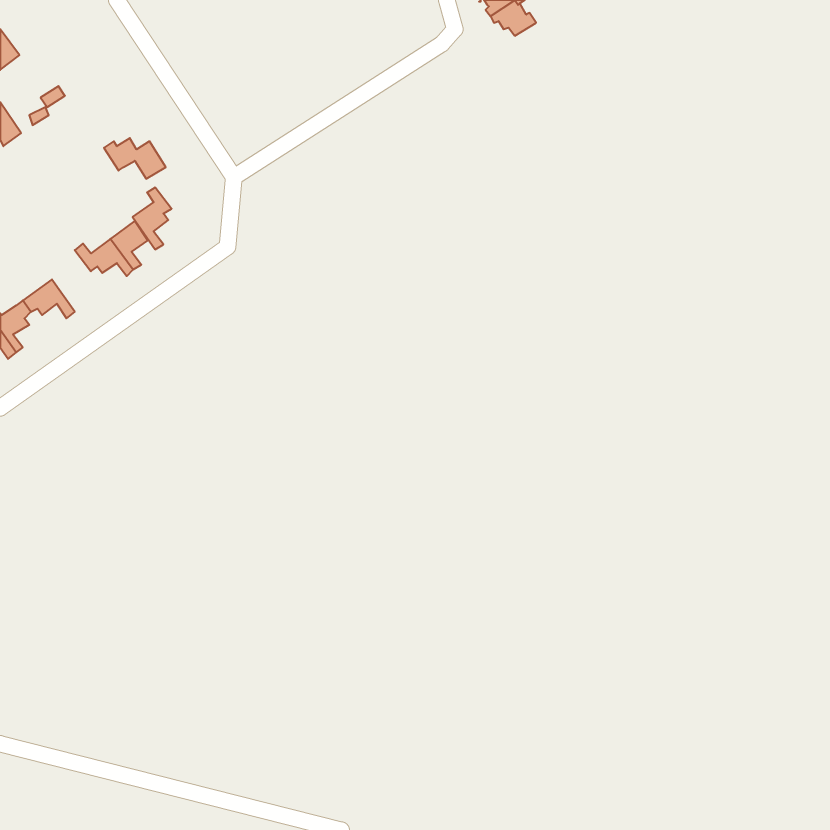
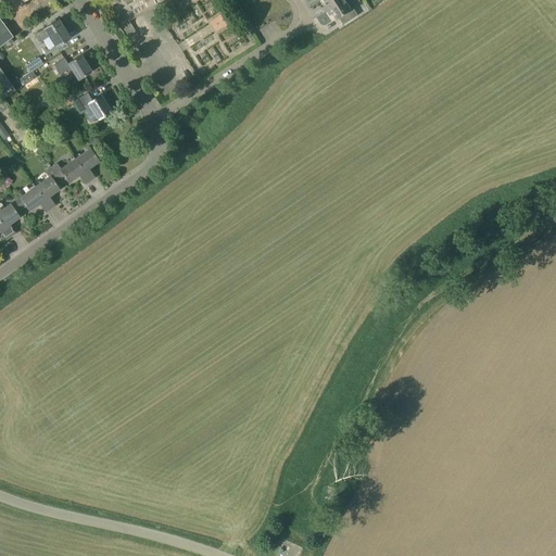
building: none -> [35,20,70,47]
building: none -> [53,55,90,79]
building: [133,188,172,249] -> [35,167,61,208]

